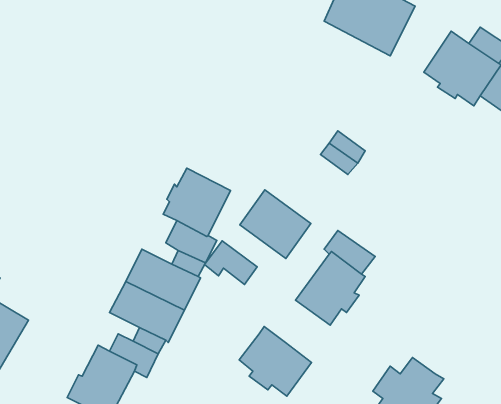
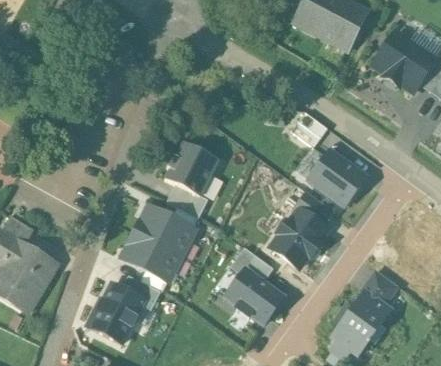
building: [240,190,311,258] -> [308,151,365,206]
building: [205,241,257,284] -> [230,247,272,282]
building: none -> [359,271,397,307]

